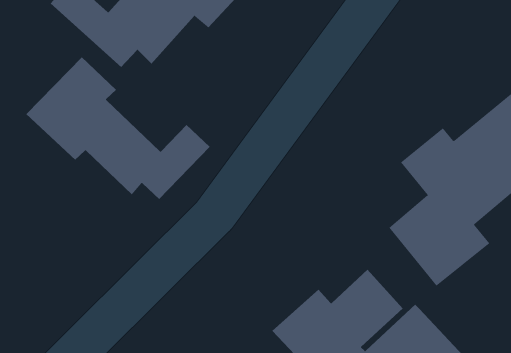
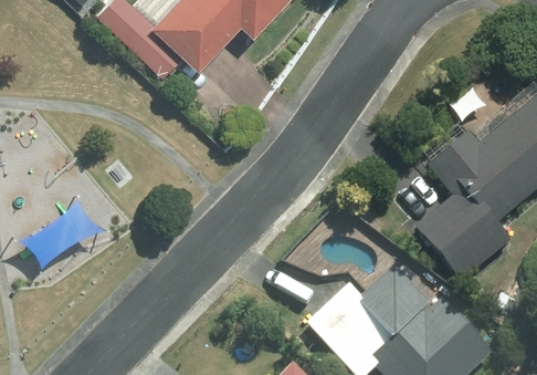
building: [25,56,210,200] -> none

